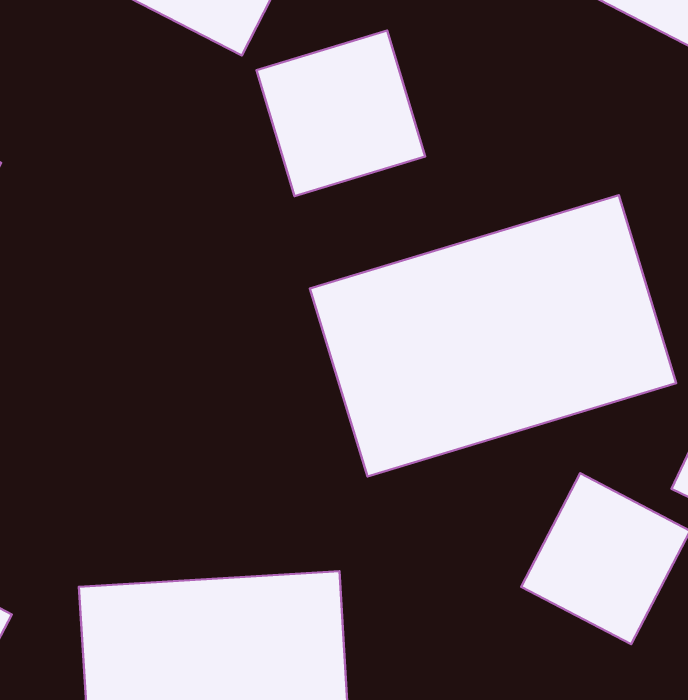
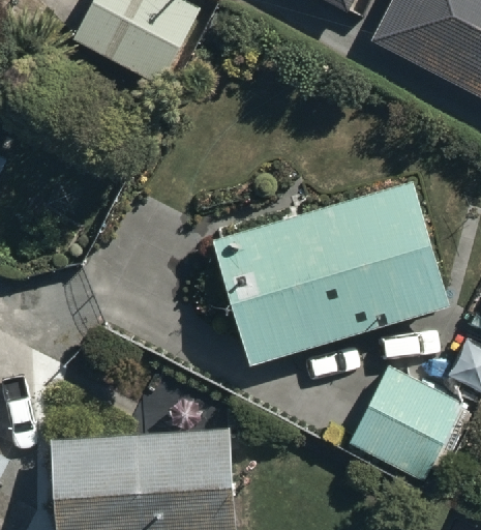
building: [256,30,425,196] -> none

